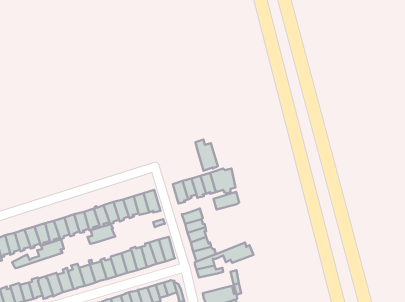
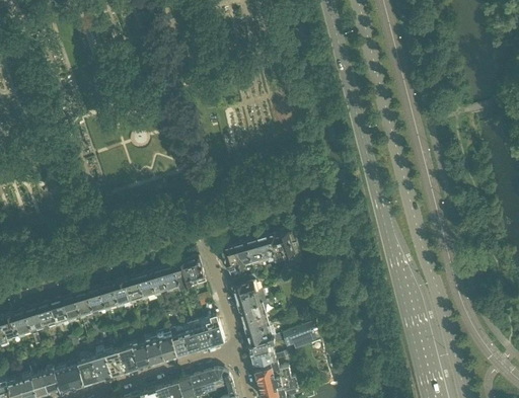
building: [196,139,218,171] -> none
building: [213,192,239,210] -> none
building: [88,224,115,244] -> none
building: [12,239,64,268] -> none
building: none -> [253,362,291,386]

